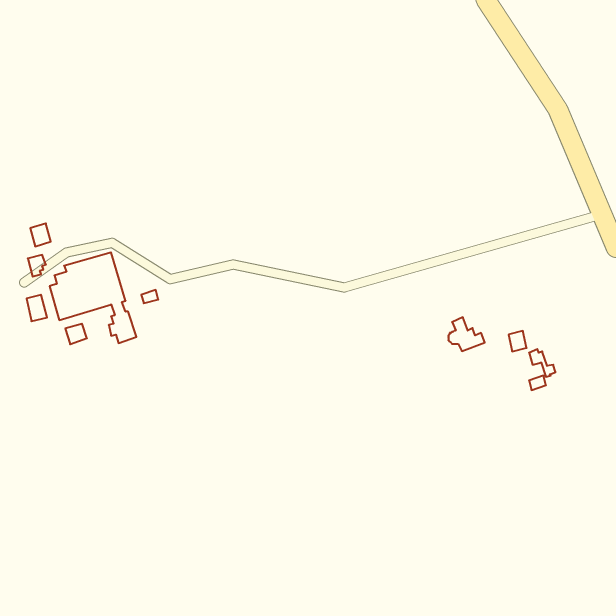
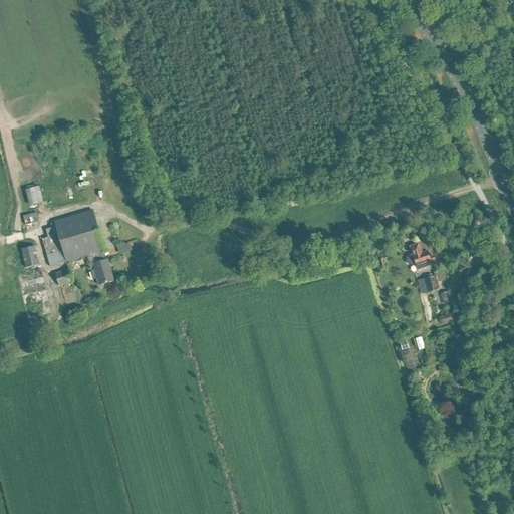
building: [448,317,485,351] -> [406,242,436,270]

